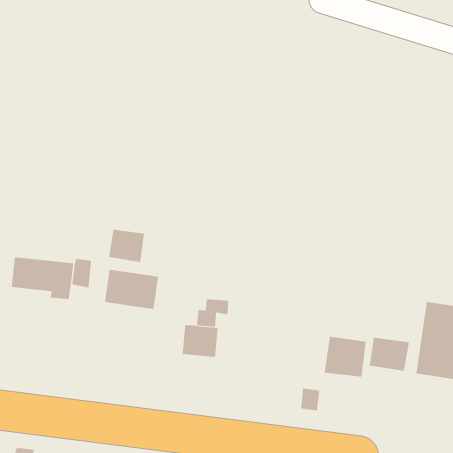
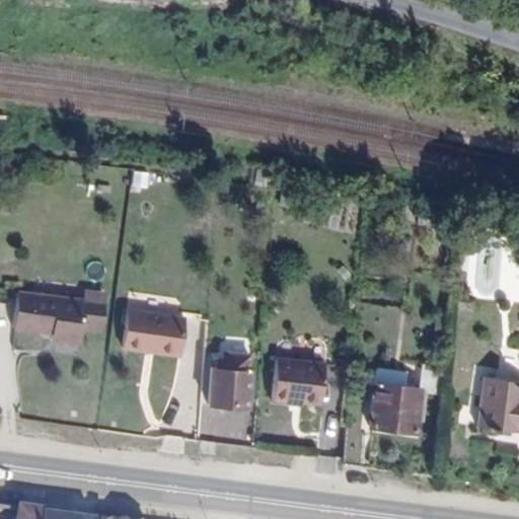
building: [108,229,145,263] -> none
building: none -> [273,360,325,403]
building: [369,337,410,372] -> none

